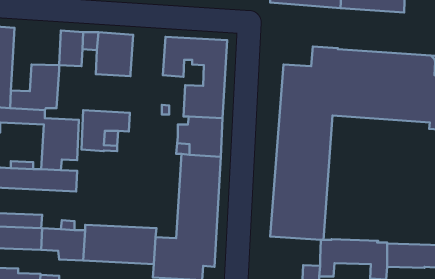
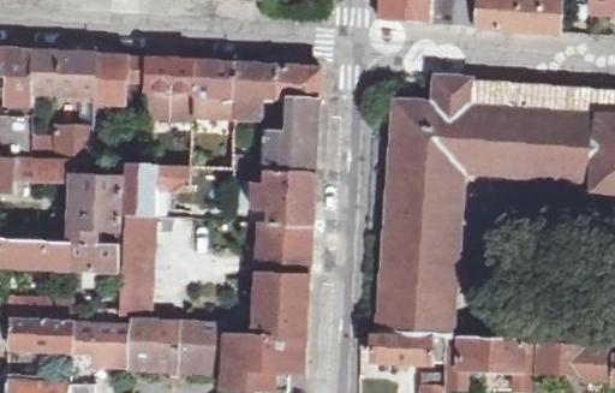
building: none -> [31,53,96,102]
building: none -> [190,62,237,117]
building: none -> [118,216,154,318]
building: none -> [370,333,446,363]

